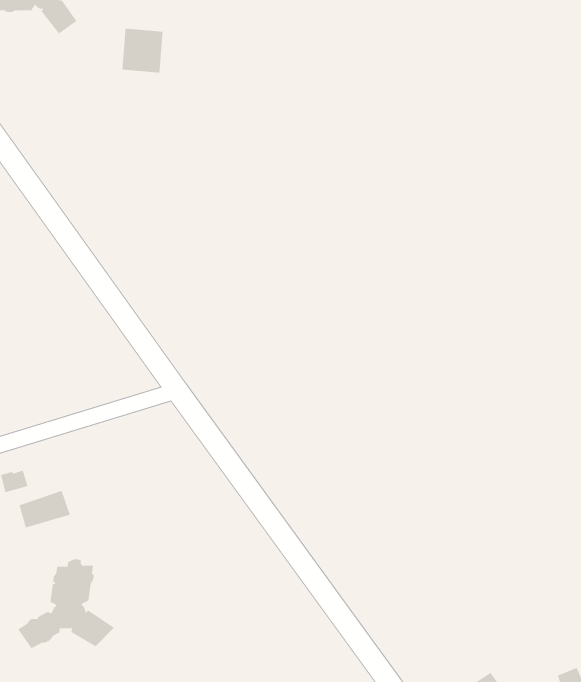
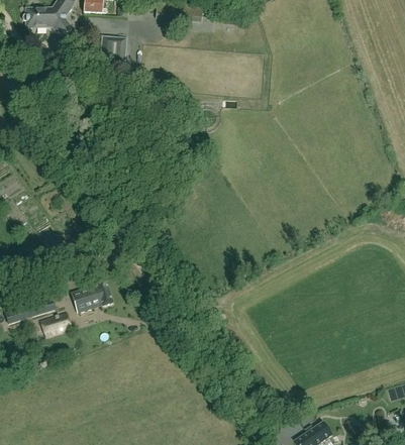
building: none -> [71,281,112,312]
building: [17,558,115,649] -> none

